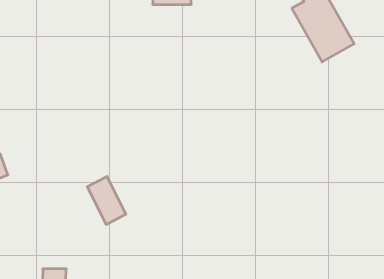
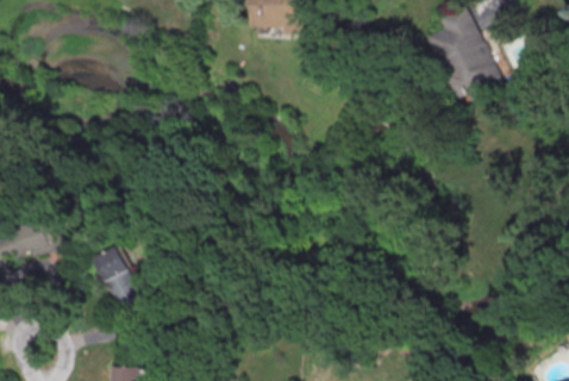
building: [87,176,126,224] -> [92,243,140,304]

